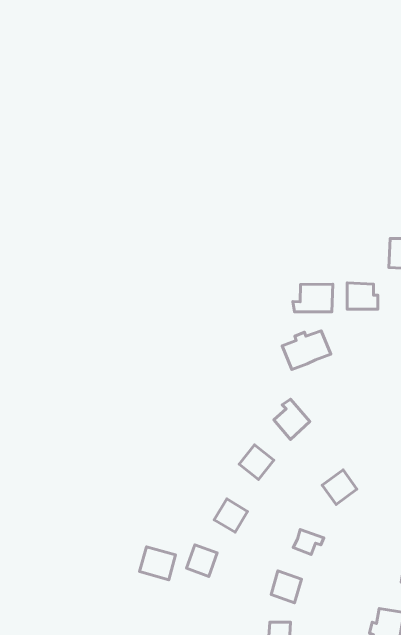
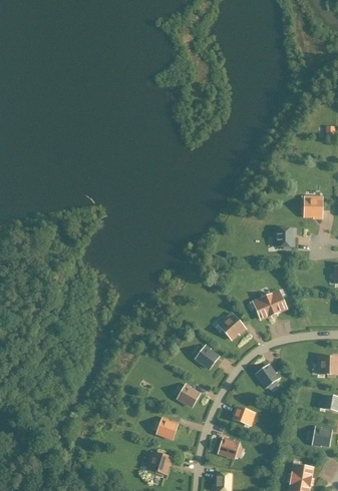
building: [293,284,333,312] -> none
building: [282,331,331,370] -> [252,292,287,320]
building: [140,547,176,580] -> [145,450,172,474]

